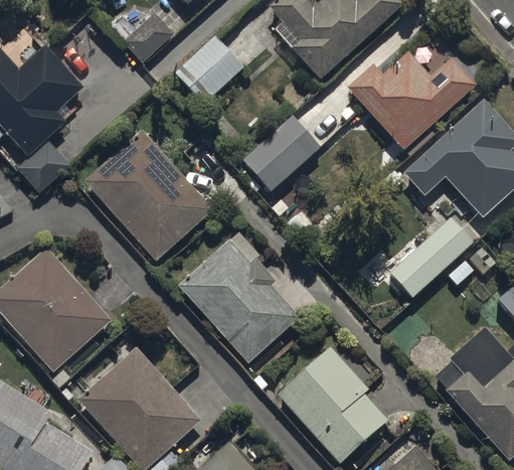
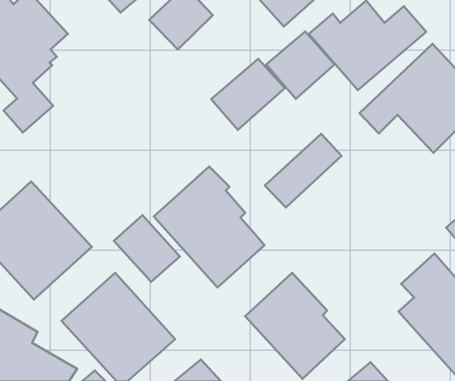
building: none -> [266,31,335,99]
building: [83,129,213,261] -> none
building: [389,218,473,299] -> [265,134,341,208]
building: none -> [114,215,180,282]

